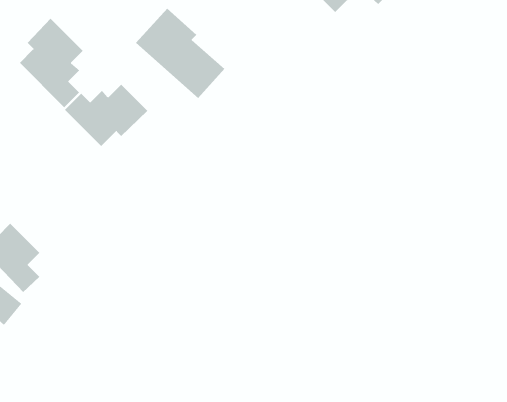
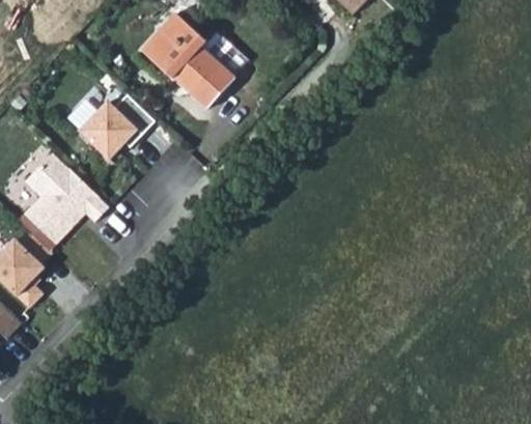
building: [19,18,84,108] -> none
building: none -> [17,150,107,249]

